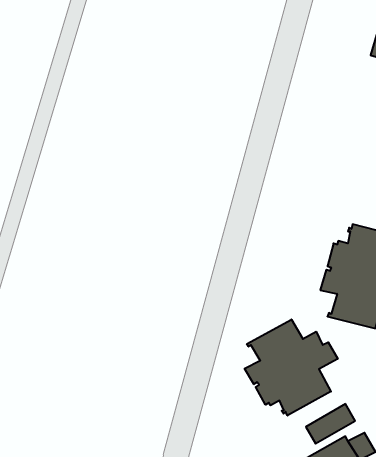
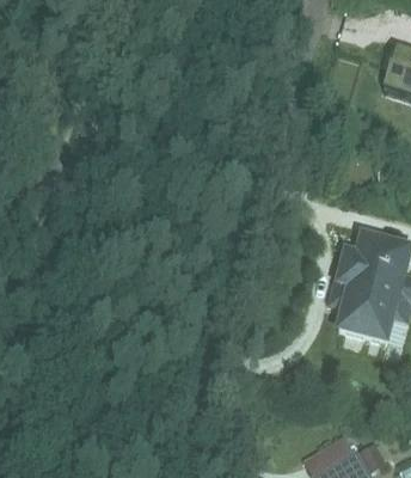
building: [245,319,338,416] -> none

